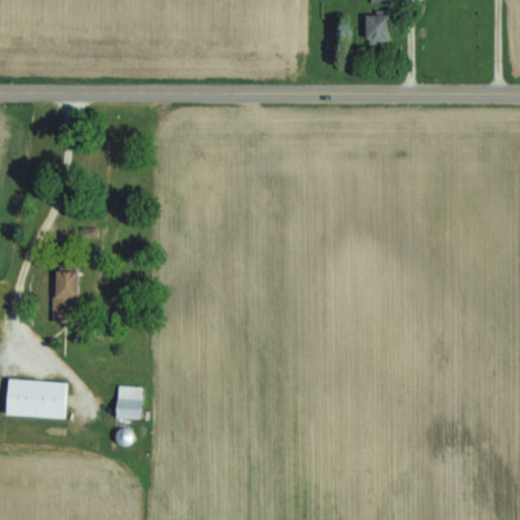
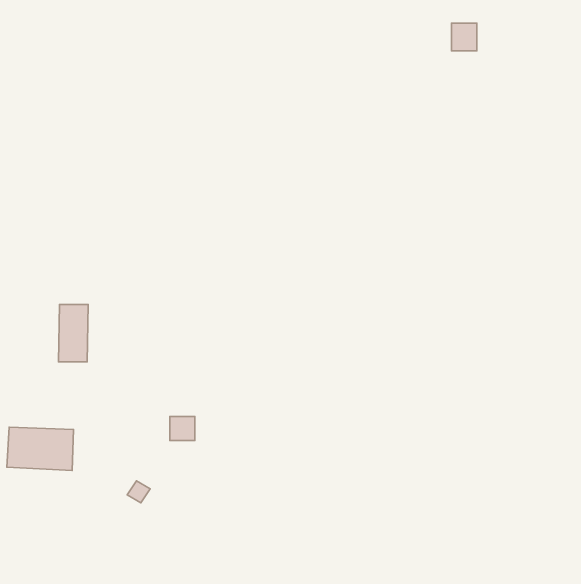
building: [367,14,389,39] -> [452,23,477,51]
building: [117,396,139,417] -> [170,416,195,440]

